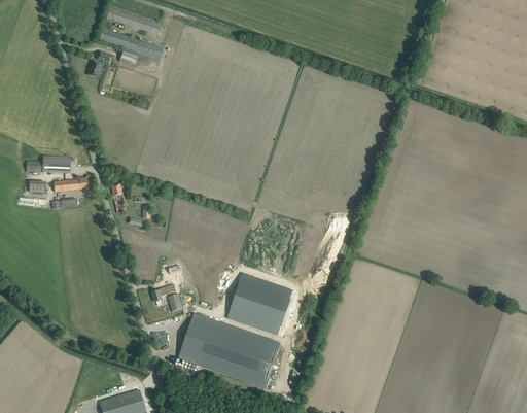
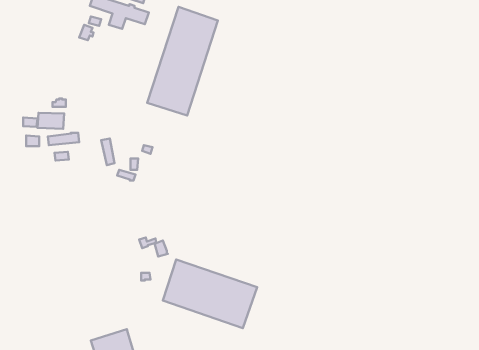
building: none -> [147,7,218,116]
building: [230,273,295,336] -> none

